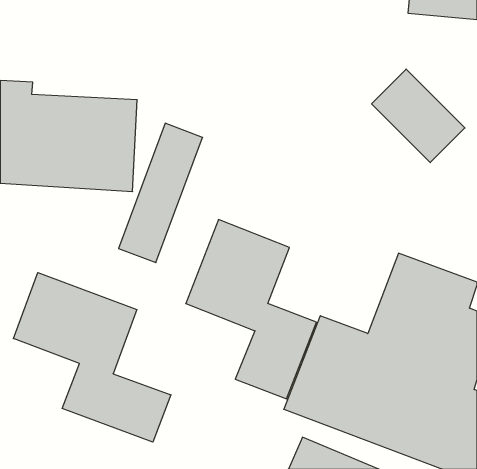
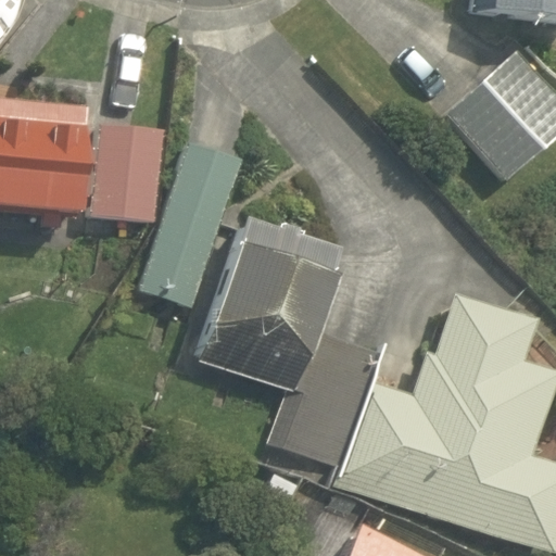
building: [13,273,171,442] -> none

